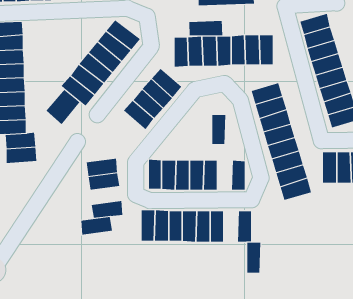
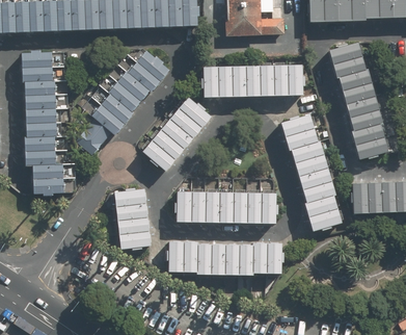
building: [189,20,223,36] -> none
building: none -> [143,140,175,171]
building: [212,114,226,145] -> [247,190,262,221]
building: [81,216,113,235] -> [119,216,152,235]
building: [247,242,261,273] -> [253,241,268,273]

